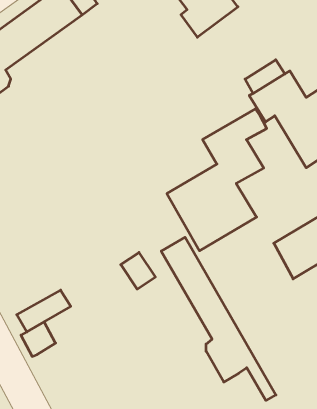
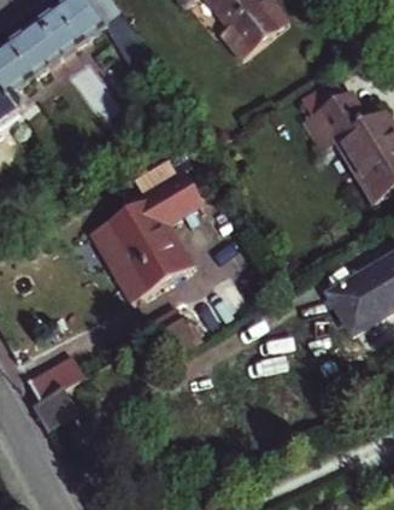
building: [167,109,267,251] -> [89,136,207,304]
building: [161,237,276,400] -> none

